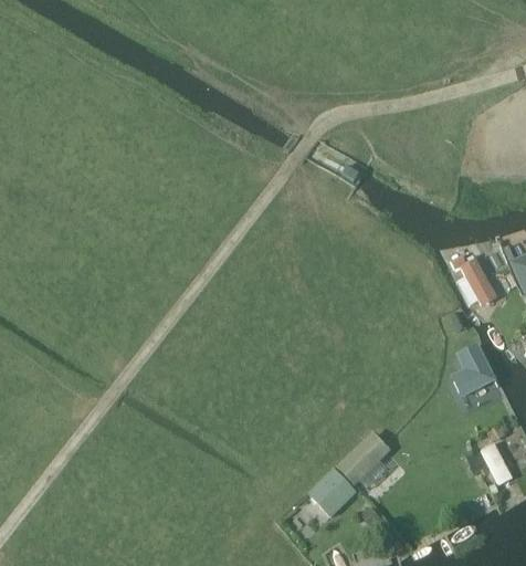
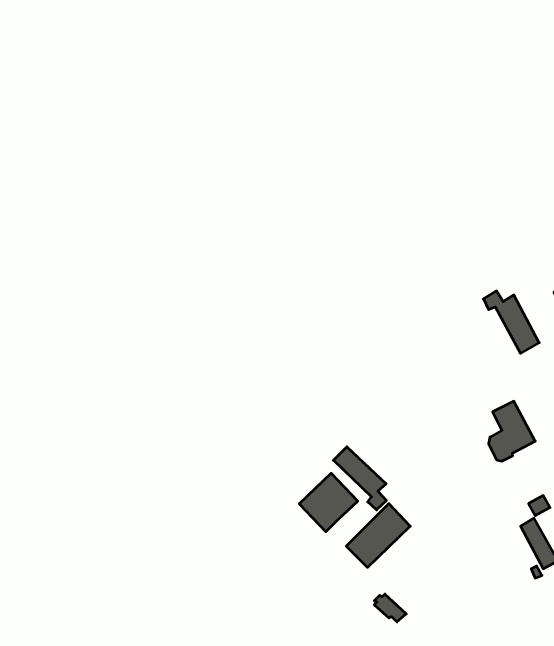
building: none -> [333,447,386,510]
building: [308,468,357,516] -> [299,473,358,532]

